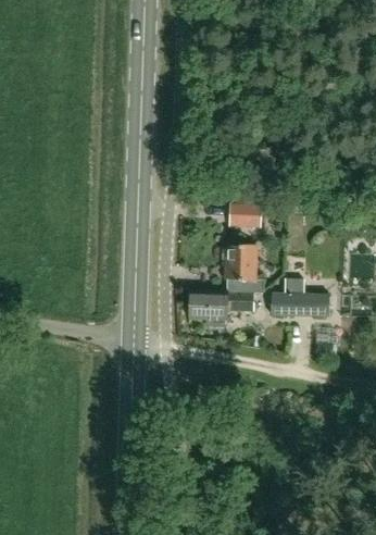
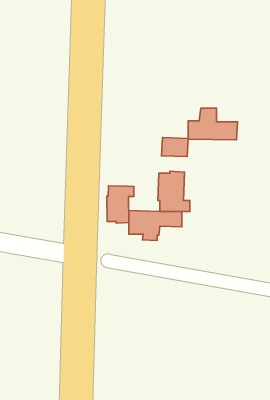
building: none -> [107,186,134,223]
building: [271,278,329,316] -> [188,108,237,140]

